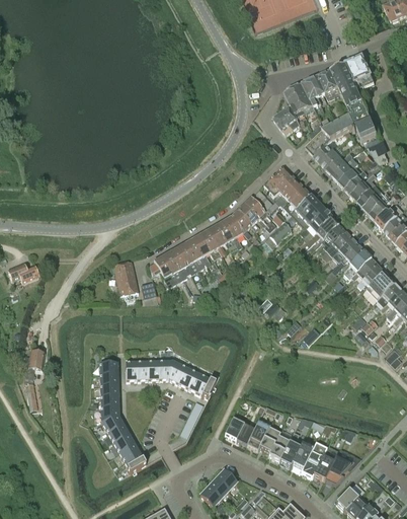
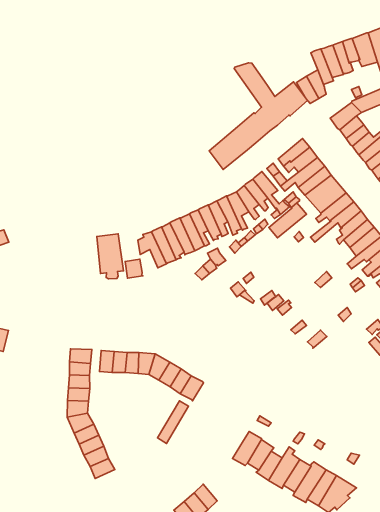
building: none -> [209,63,307,169]
building: [224,418,254,445] -> none

